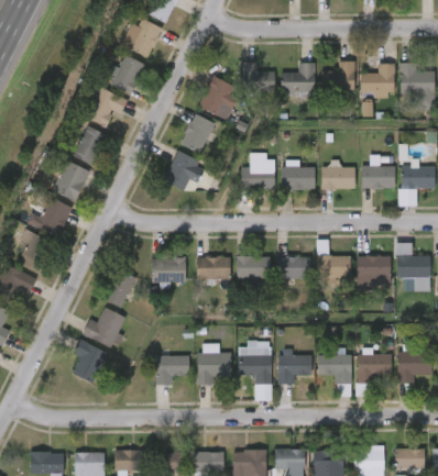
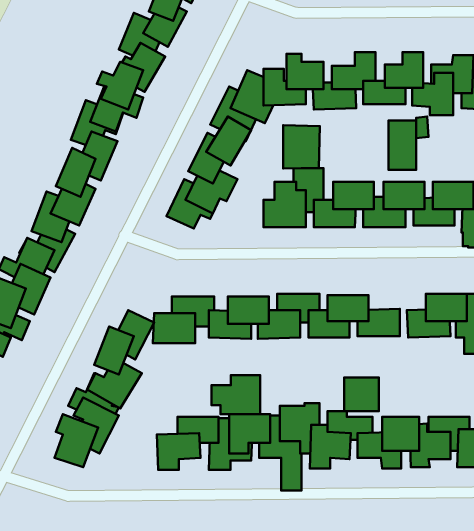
building: none -> [389,120,416,170]
building: none -> [283,125,320,169]
building: none -> [212,375,260,414]
building: none -> [344,377,379,411]

